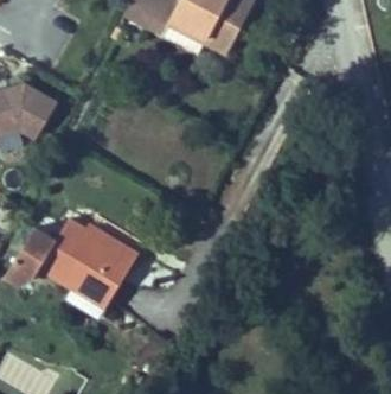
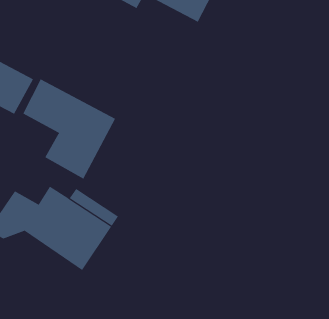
building: none -> [22,78,116,179]

